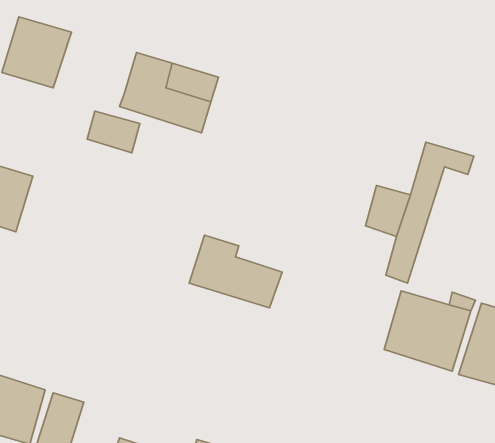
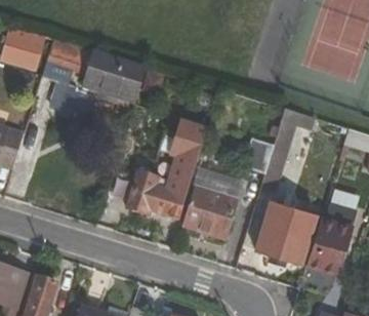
building: none -> [45,39,92,78]
building: none -> [158,116,204,193]
building: none -> [181,177,238,240]

